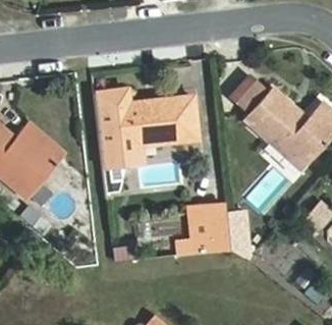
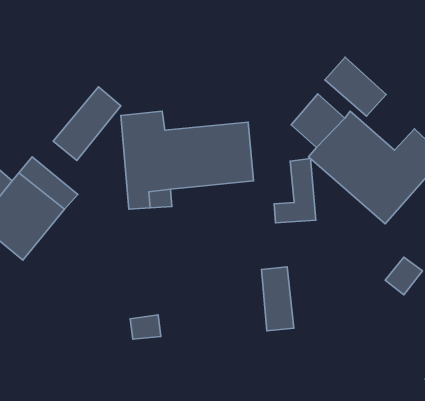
building: none -> [325,57,386,116]
building: none -> [53,87,121,161]
building: [179,207,211,256] -> [274,158,316,223]

